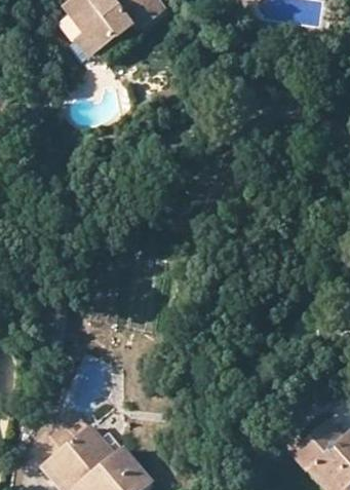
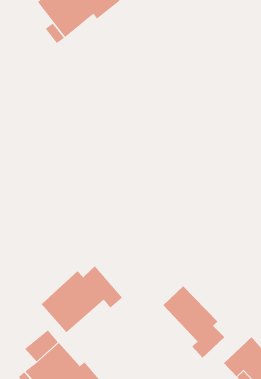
building: none -> [41,266,123,333]
building: none -> [163,286,225,358]

